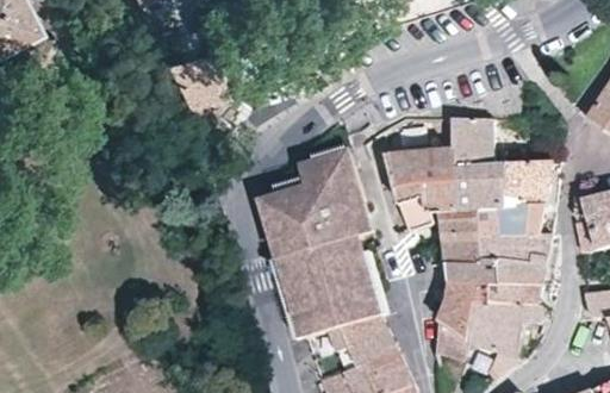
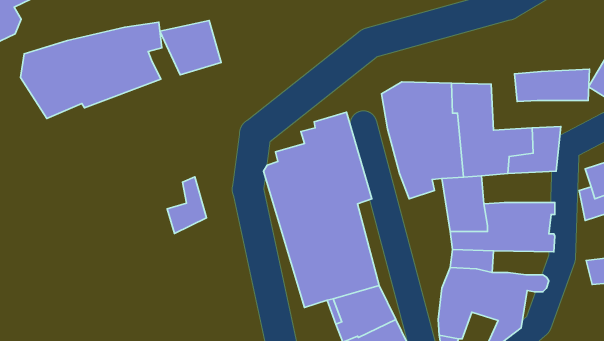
building: none -> [21,22,162,119]
building: [479,202,553,235] -> [515,69,589,102]
building: none -> [167,177,207,233]
building: [490,281,550,311] -> none

